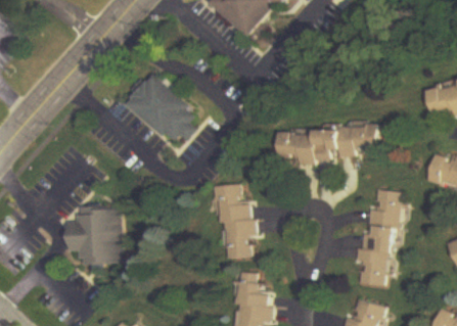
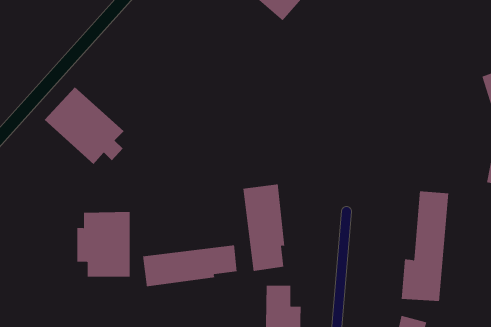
building: [128,75,199,144] -> [44,86,125,165]
building: [280,127,381,162] -> none
building: none -> [143,244,237,287]

